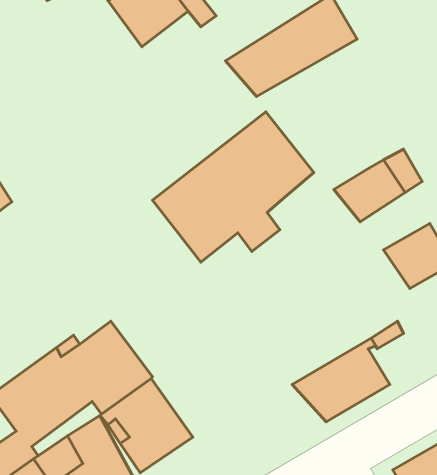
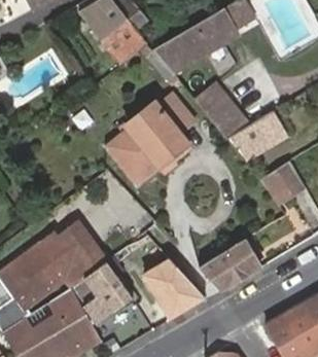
building: none -> [99,19,148,67]
building: none -> [195,80,250,137]
building: none -> [143,258,206,320]

